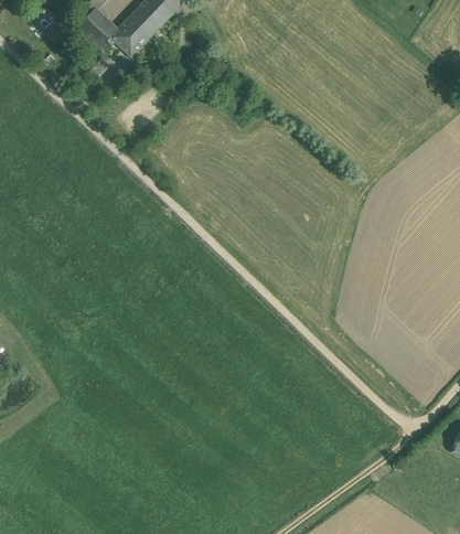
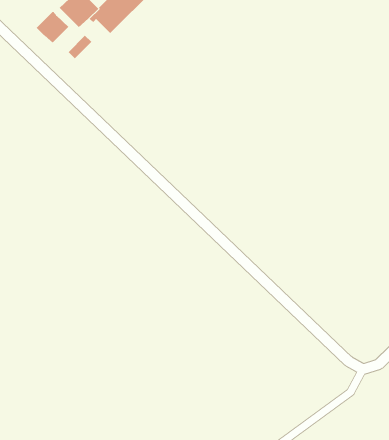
building: none -> [36,11,69,44]

